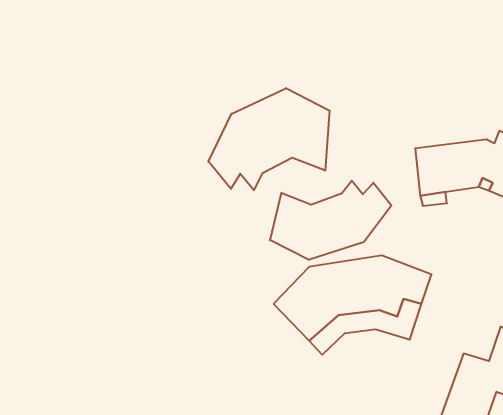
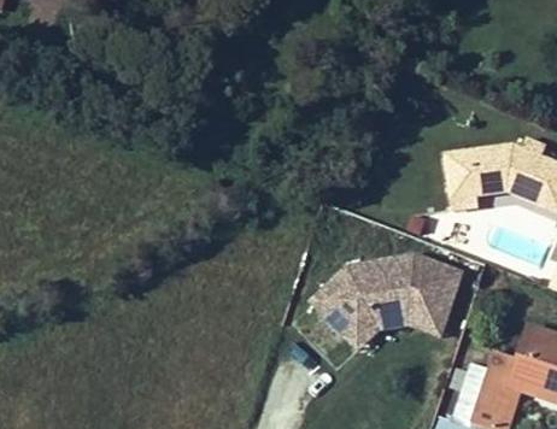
building: [208,88,329,190] -> none
building: [270,181,391,260] -> none

